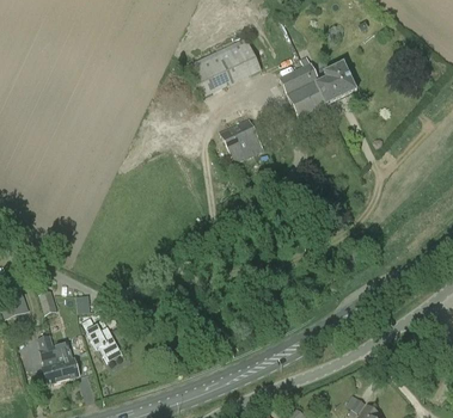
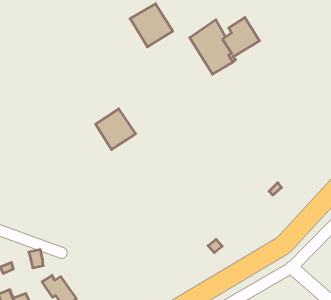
building: [188,50,232,97] -> none
building: [220,117,263,161] -> [96,109,136,150]

